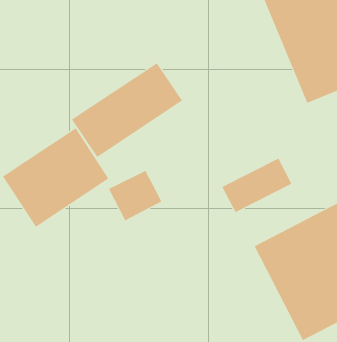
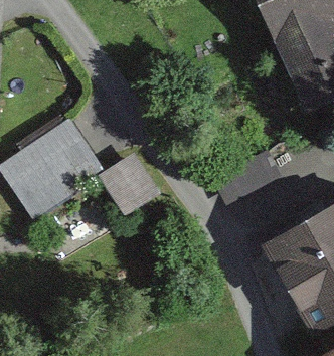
building: [71,62,183,158] -> none

